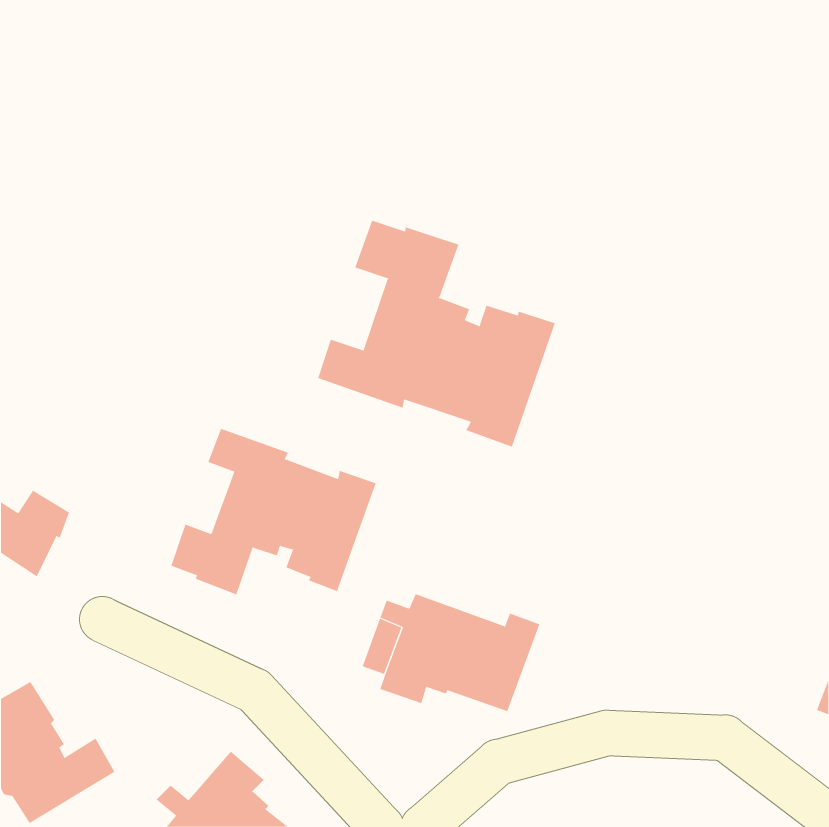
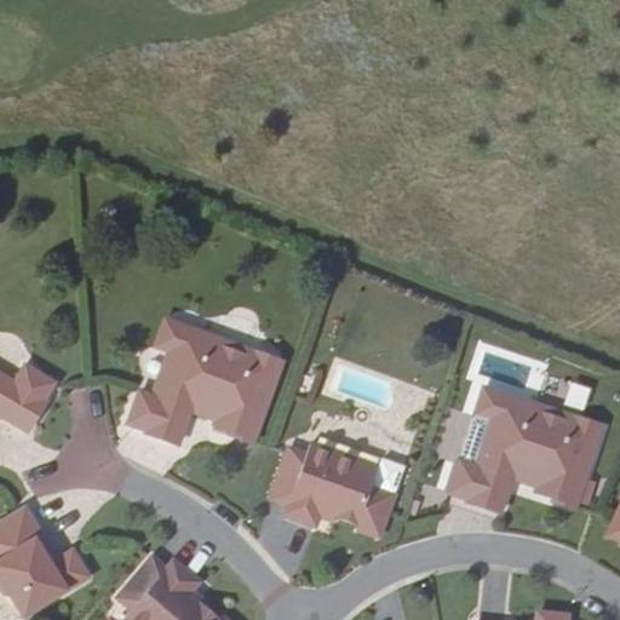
building: [317,220,556,447] -> none
building: none -> [449,388,601,511]

